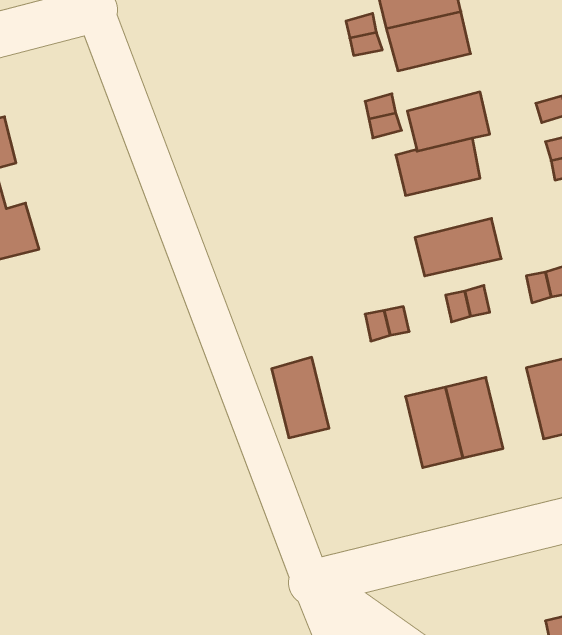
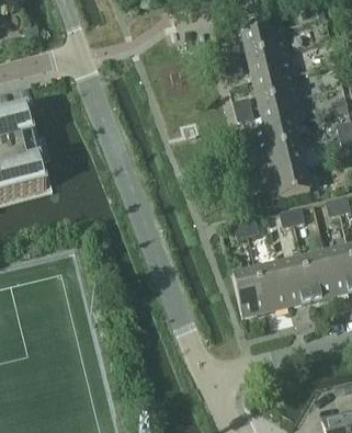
building: none -> [252,72,299,105]
building: none -> [257,144,306,178]
building: [272,357,329,438] -> [234,269,266,315]
building: none -> [303,252,336,298]

